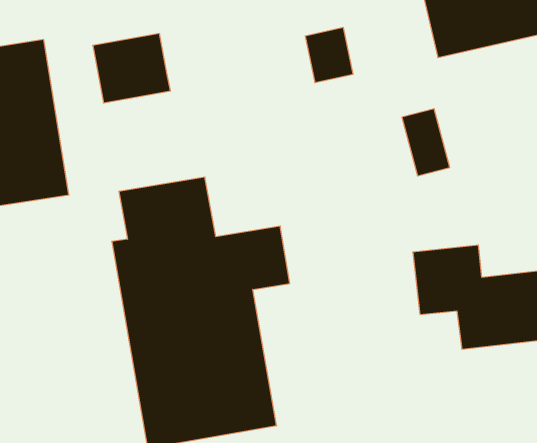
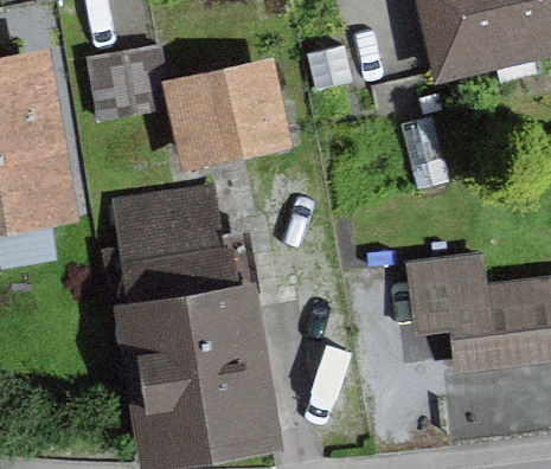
building: none -> [168,65,290,171]

